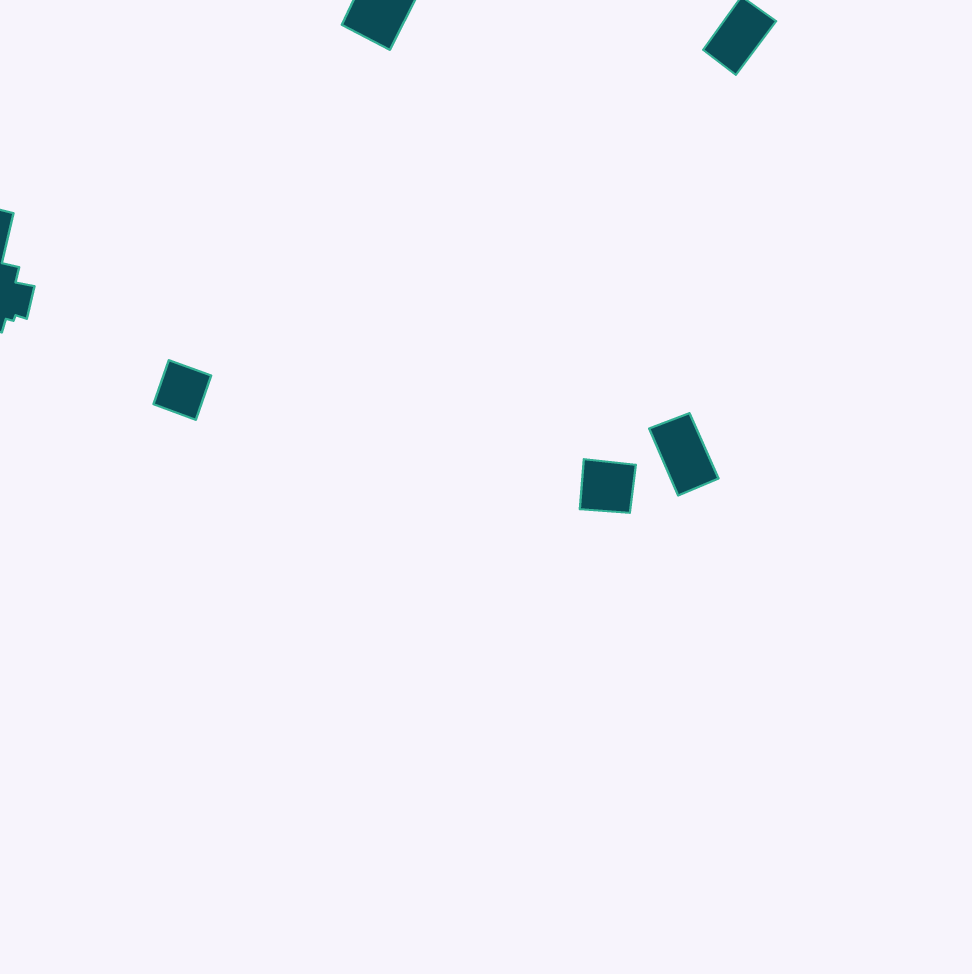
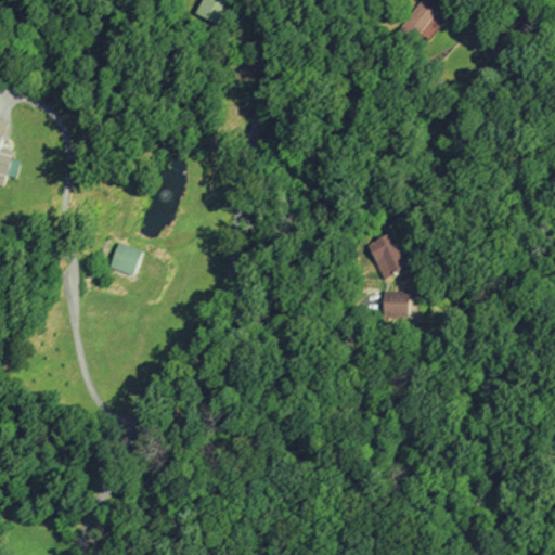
building: [154,360,211,420] -> [107,241,140,274]
building: [580,459,636,513] -> [379,289,411,320]

